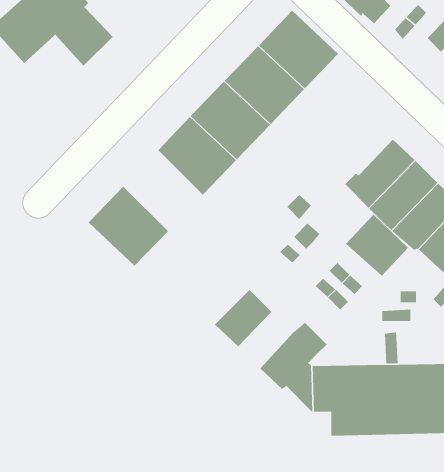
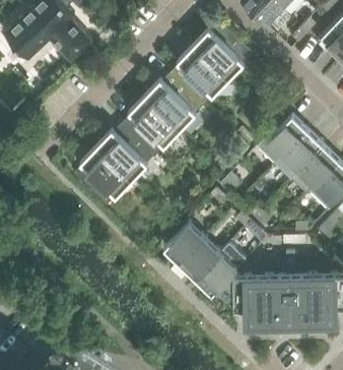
building: none -> [99,121,156,179]
building: [345,214,409,276] -> none
building: none -> [182,237,221,278]

